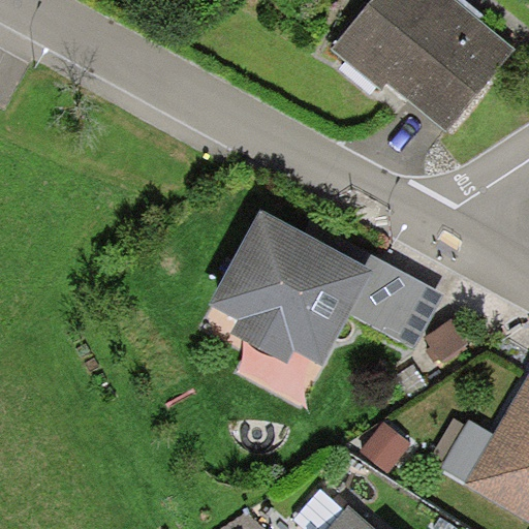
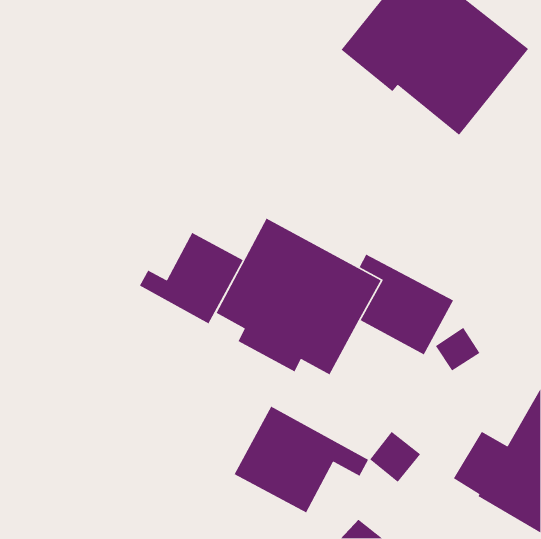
building: none -> [139,232,244,324]
building: none -> [234,405,369,514]

